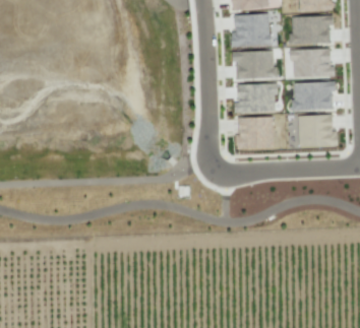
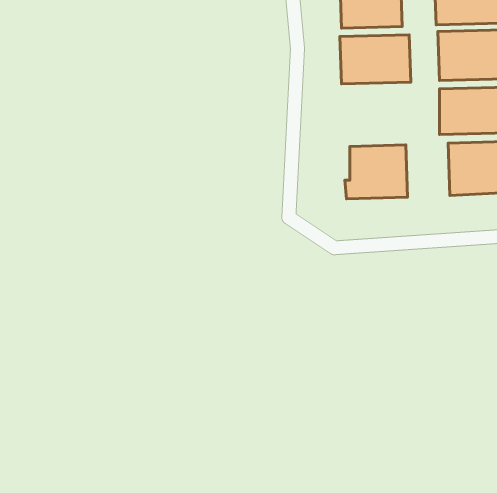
building: [234,82,277,114] -> none

